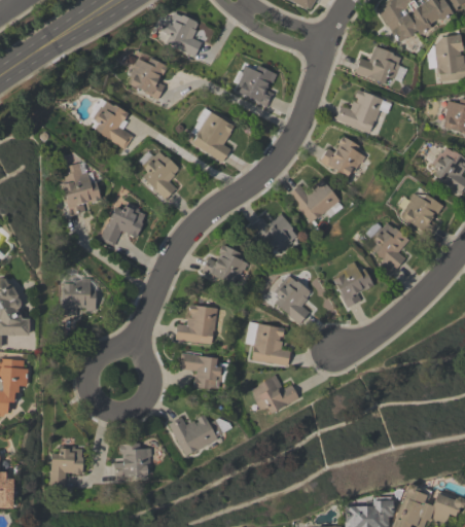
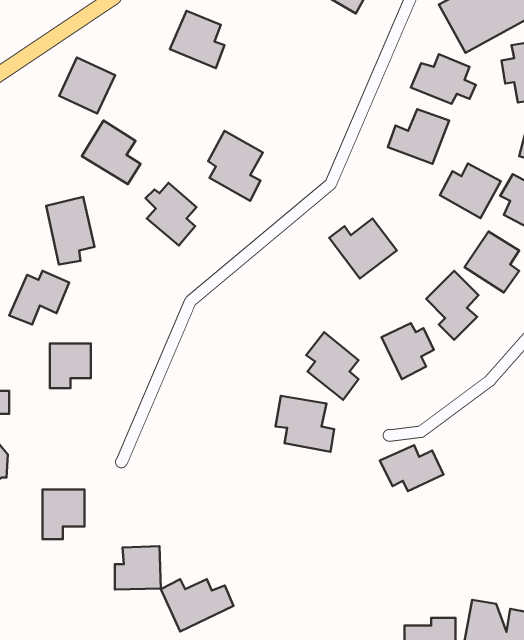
building: [126,52,171,98] -> [59,57,115,114]
building: [235,60,276,107] -> none
building: [320,136,369,180] -> [440,163,501,218]
building: [100,204,148,247] -> [9,271,69,325]
building: [250,213,301,252] -> none
building: [202,245,250,287] -> none
building: [175,305,217,345] -> none
building: [179,352,225,391] -> none
building: [249,376,300,413] -> [380,445,444,491]
building: [169,415,227,457] -> [161,579,234,631]
building: [50,447,84,487] -> [43,490,85,539]

